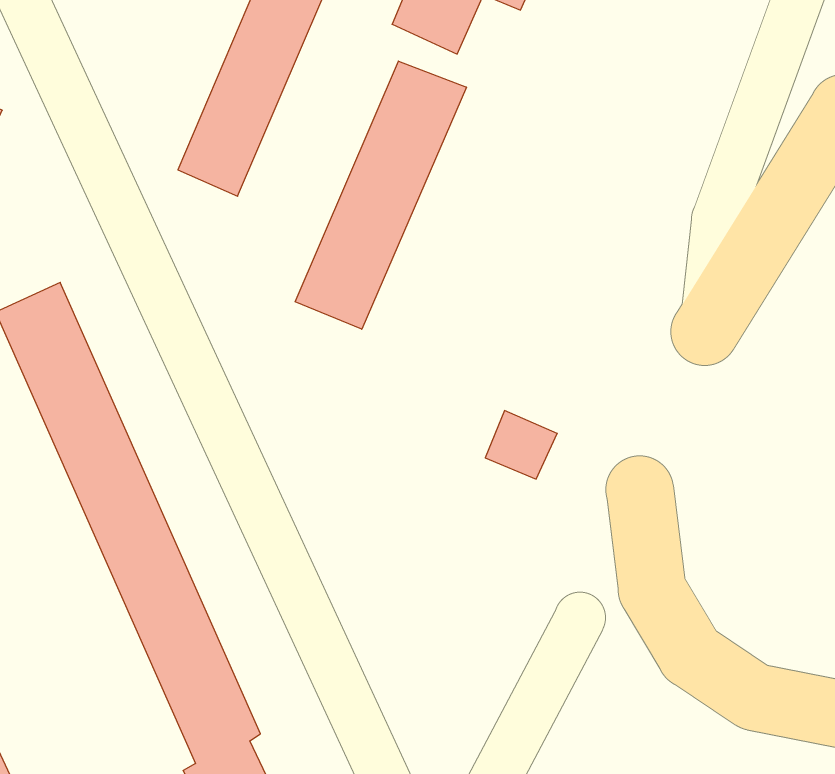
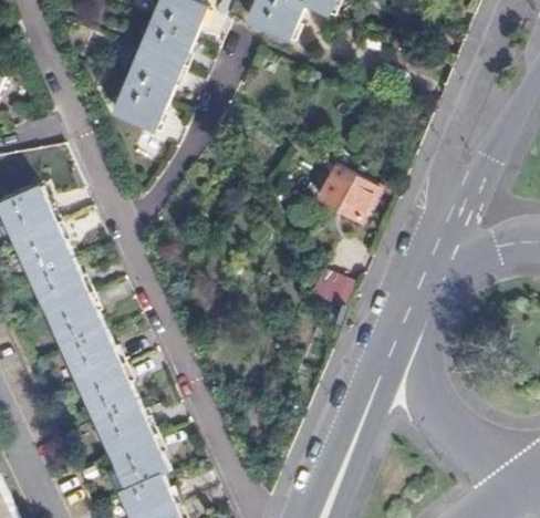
building: [295,61,466,329] -> none
building: none -> [312,162,372,219]

